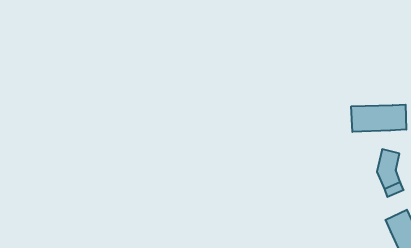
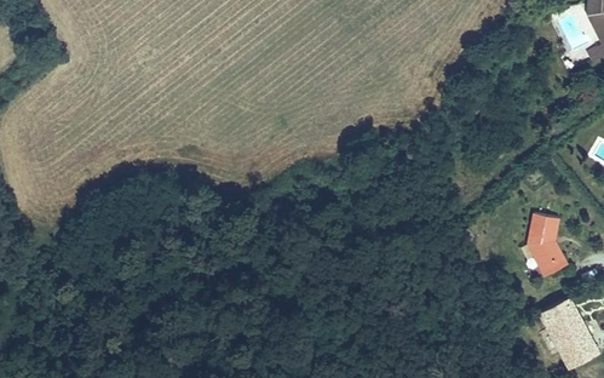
building: [351,105,406,132] -> none

